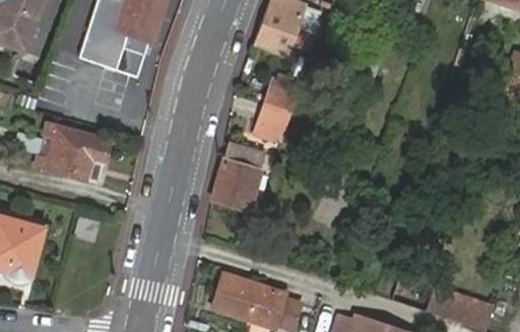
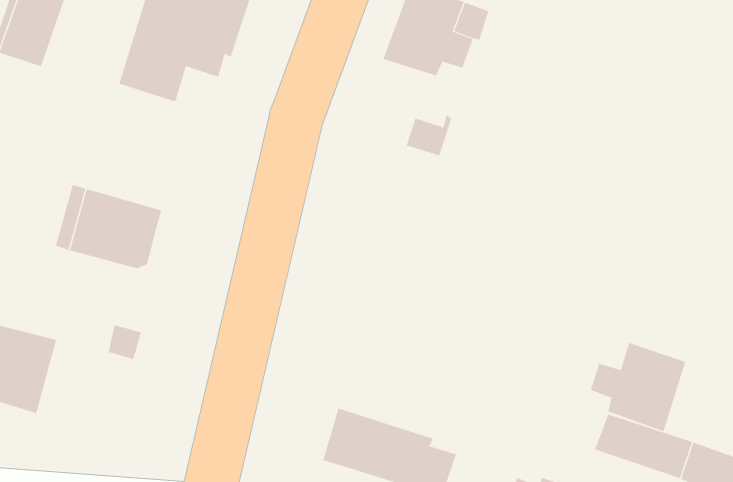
building: [259,99,291,138] -> none
building: [213,143,267,211] -> none
building: none -> [590,342,686,432]

